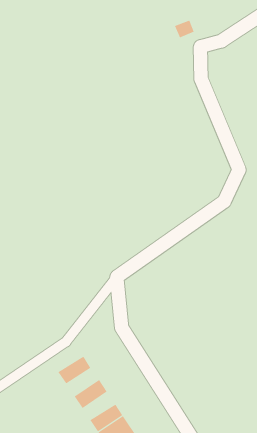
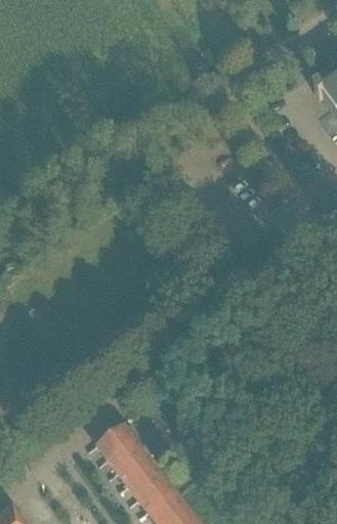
building: none -> [106,431,143,465]
building: none -> [126,456,164,490]

